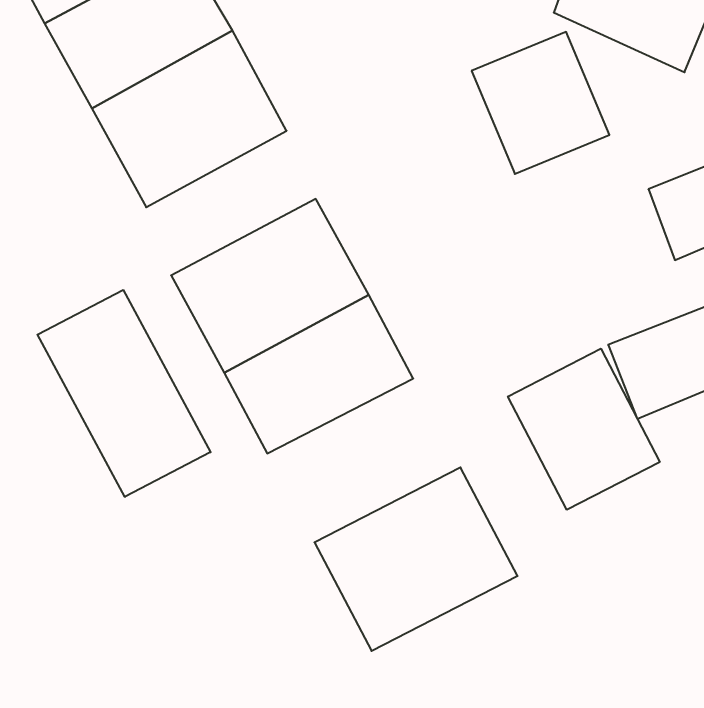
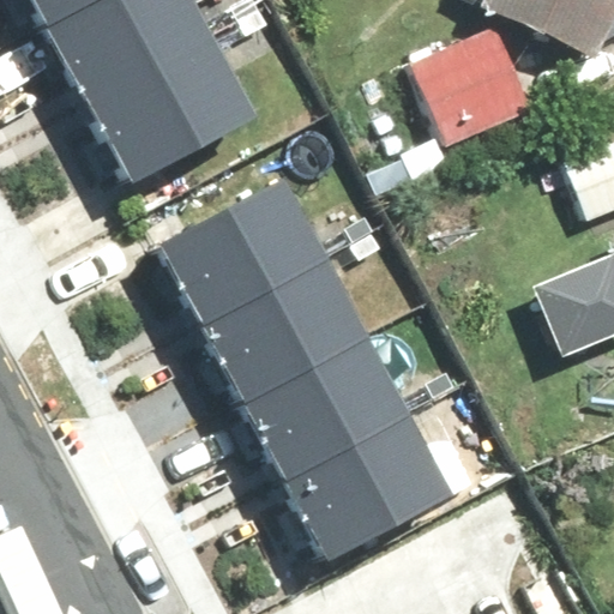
building: [37,290,211,497] -> none
building: [508,349,660,510] -> none
building: none -> [236,326,403,468]

